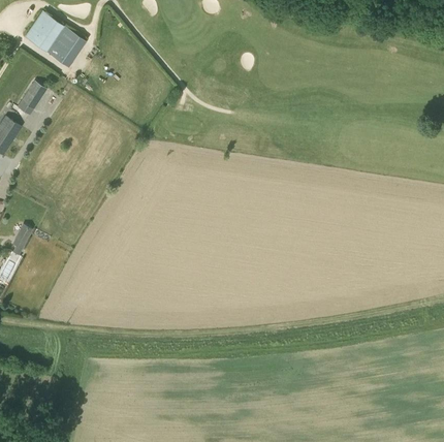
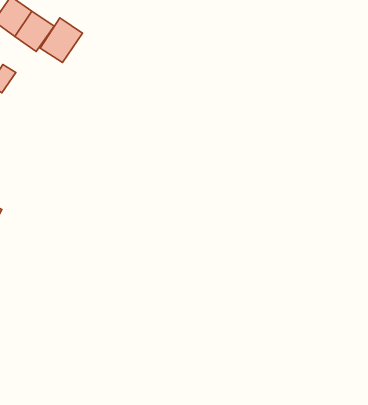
building: none -> [40,18,83,63]

